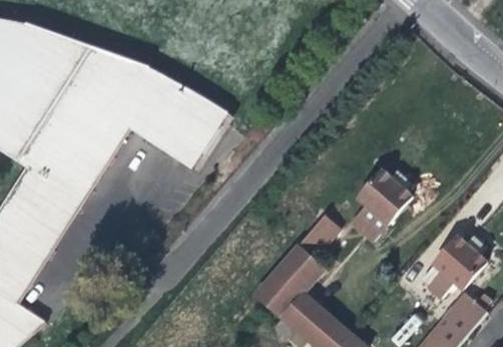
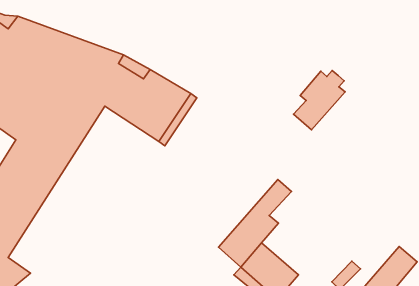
building: [353,167,413,237] -> [293,70,345,130]
building: [422,234,487,296] -> none

